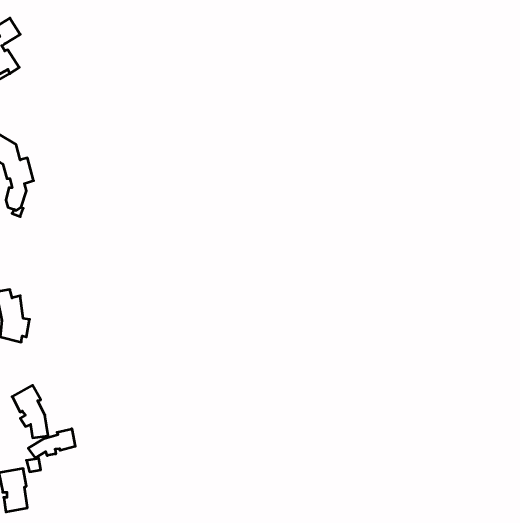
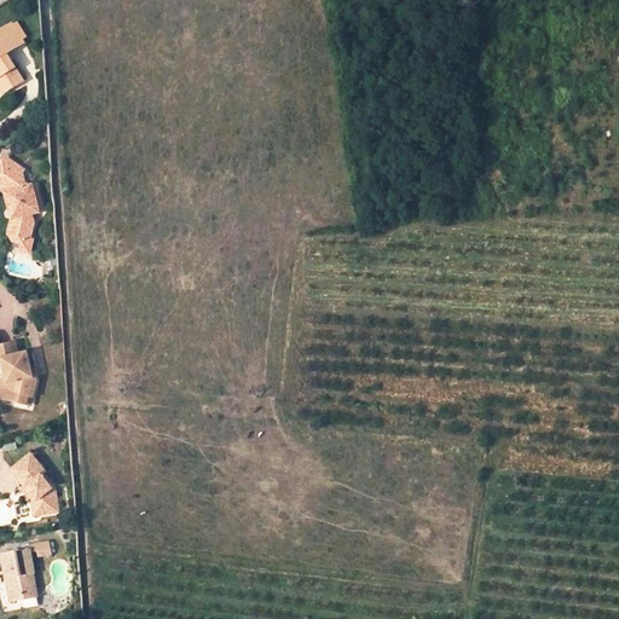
building: [28,429,75,458] -> none

